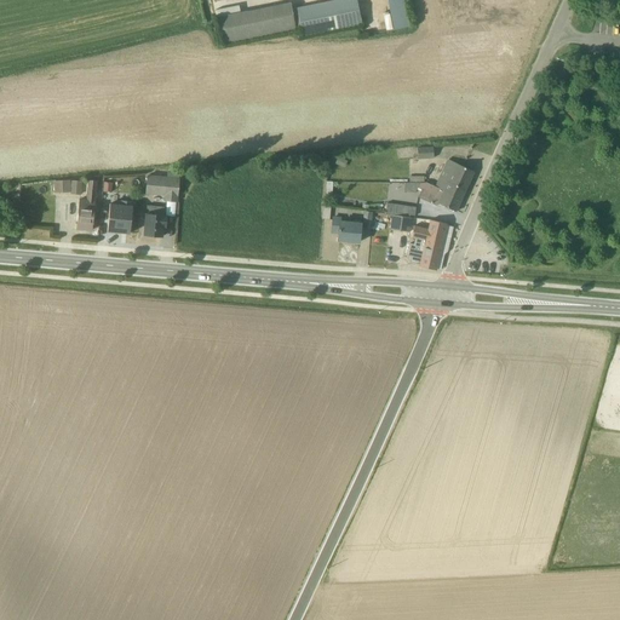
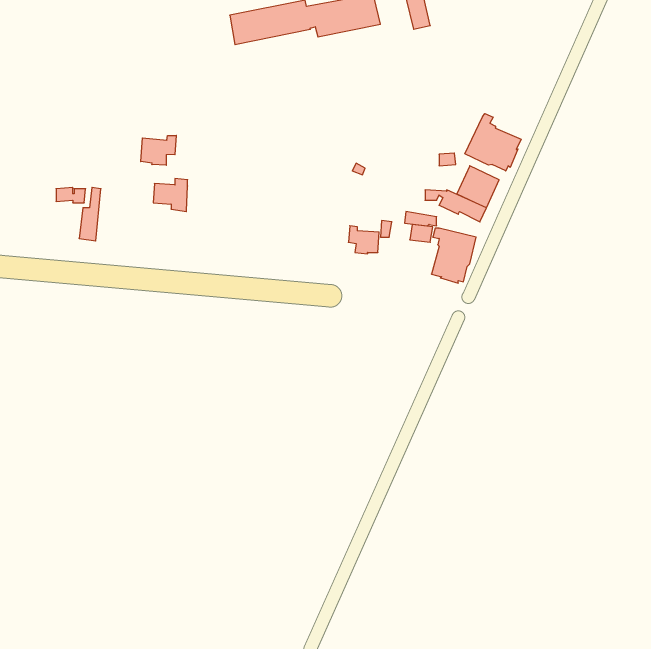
building: none -> [465,114,521,171]
building: none -> [141,135,176,165]
building: [108,200,133,231] -> none
building: [144,203,167,235] -> none

